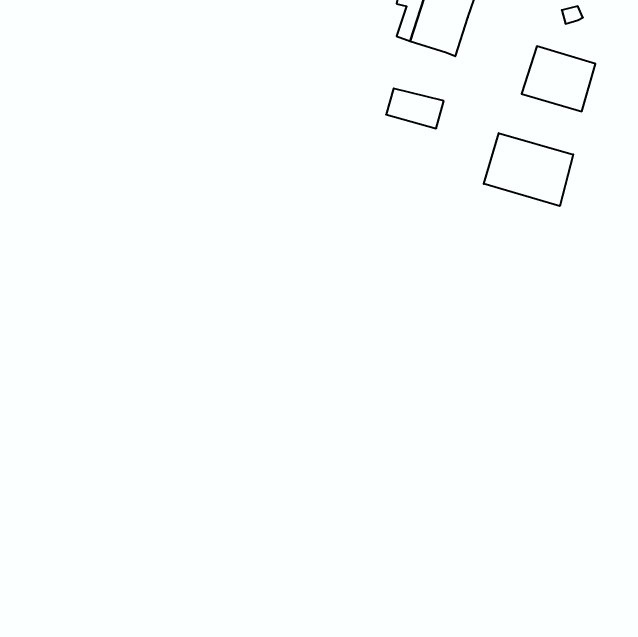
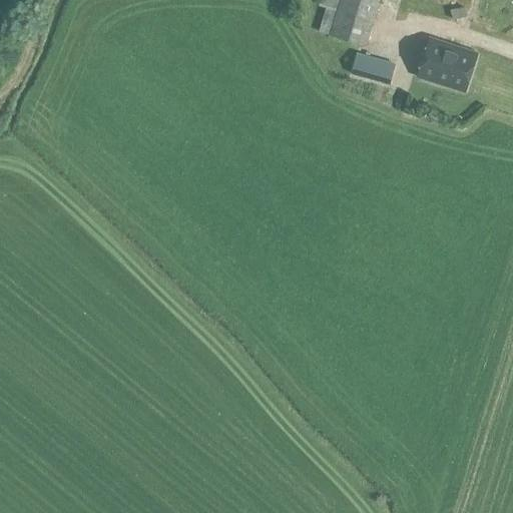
building: [386,88,444,128] -> [350,51,396,83]
building: [484,133,573,206] -> none

